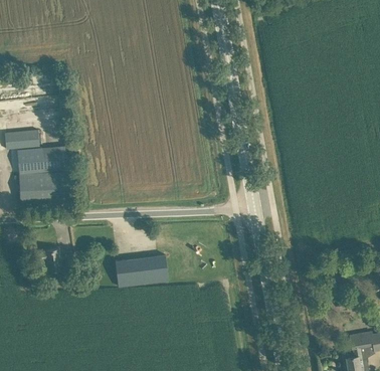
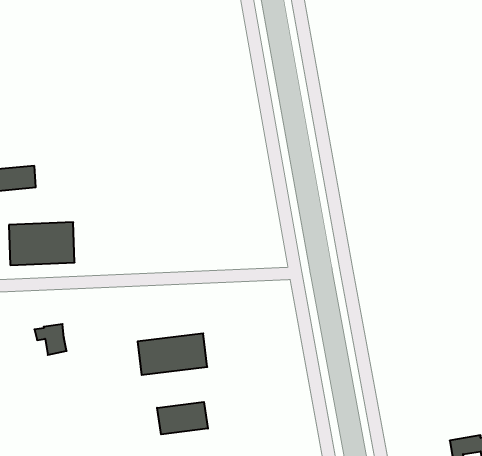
building: [16,146,66,174] -> none
building: none -> [157,402,208,434]

